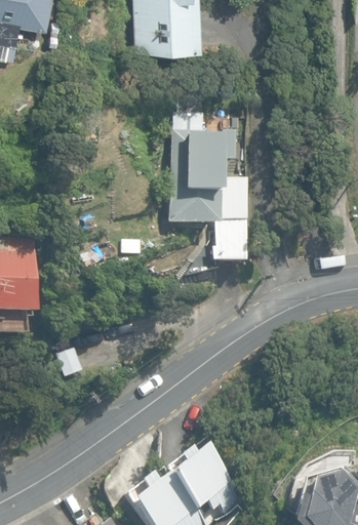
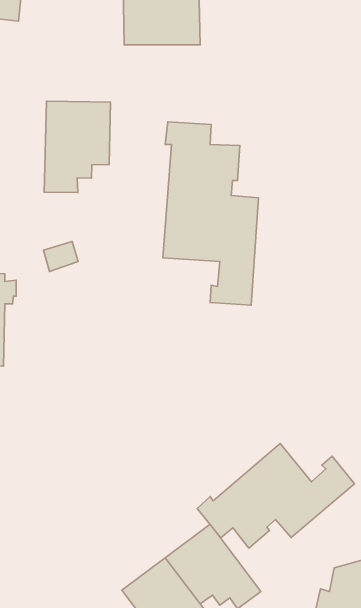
building: none -> [44,101,110,192]
building: none -> [197,444,354,548]

